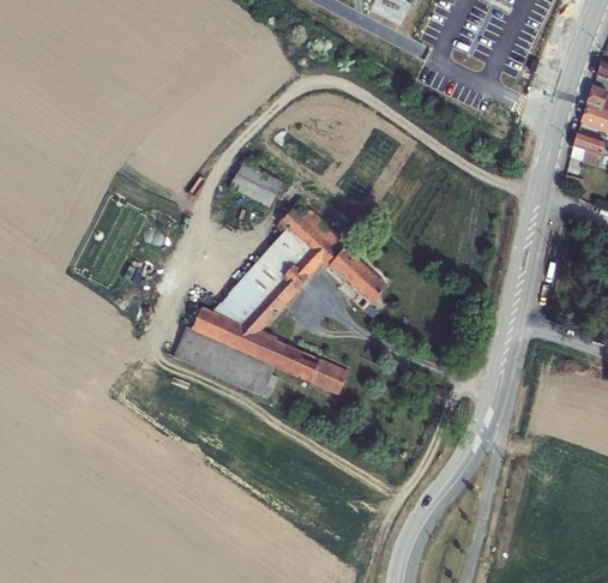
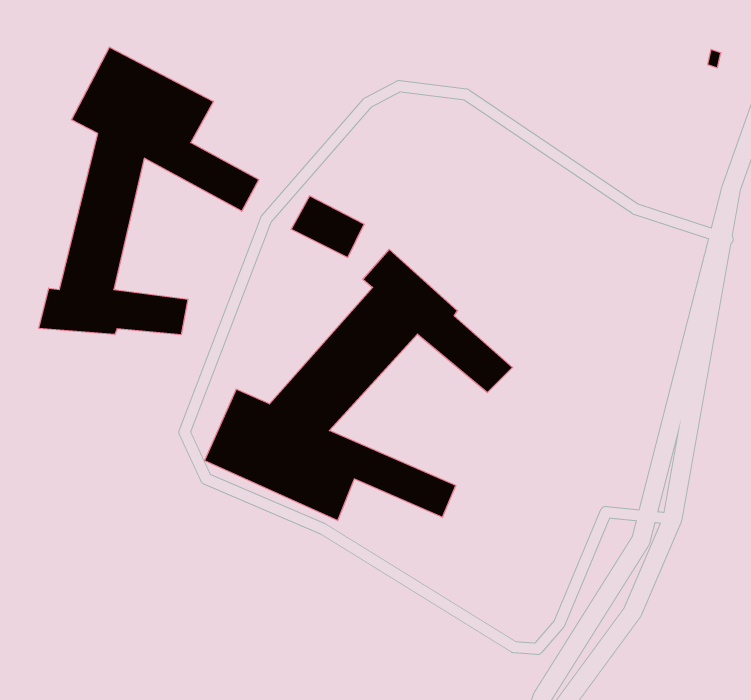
building: none -> [39,47,259,335]

